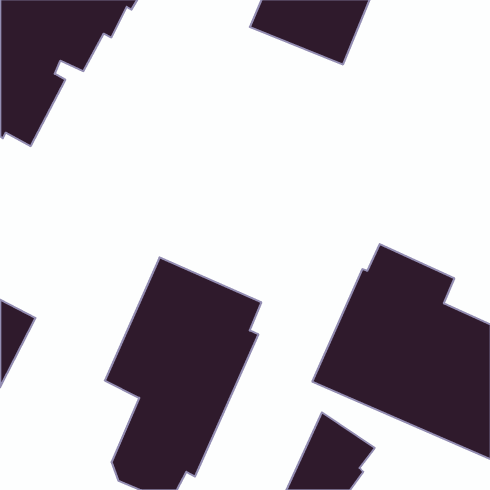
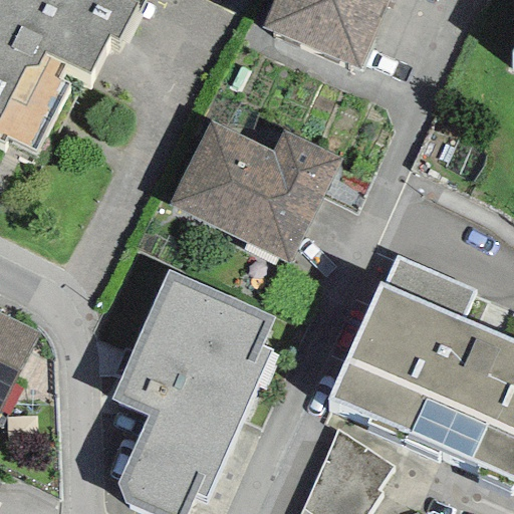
building: none -> [170,120,340,263]

